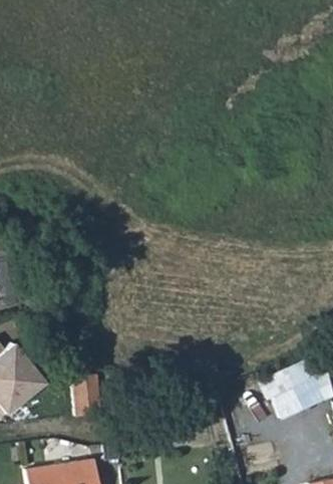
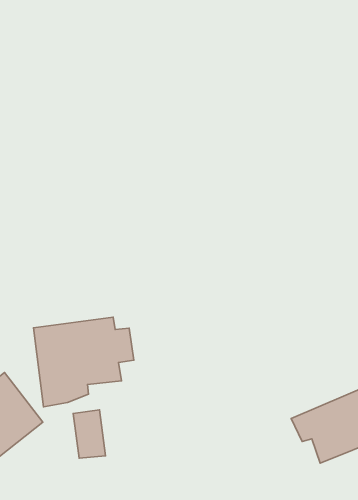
building: none -> [33,317,134,407]

